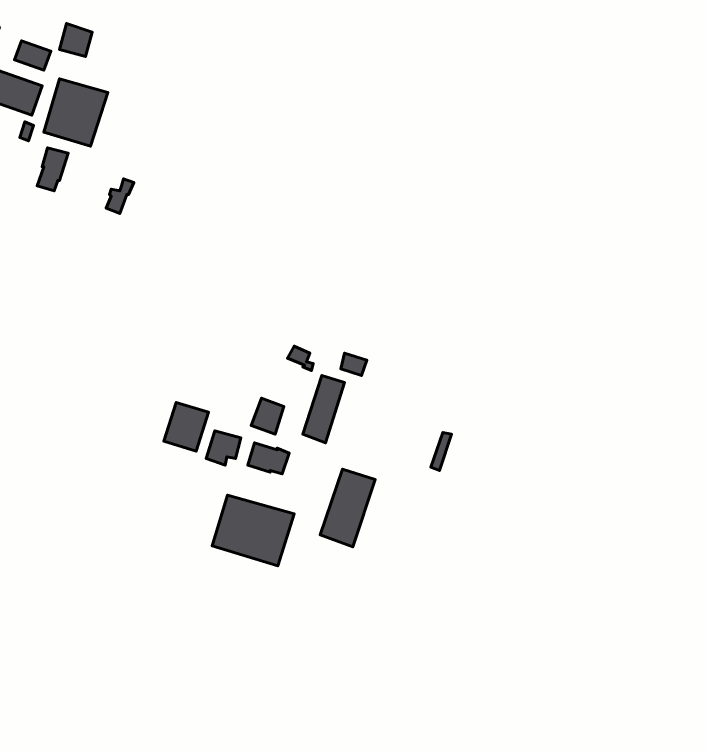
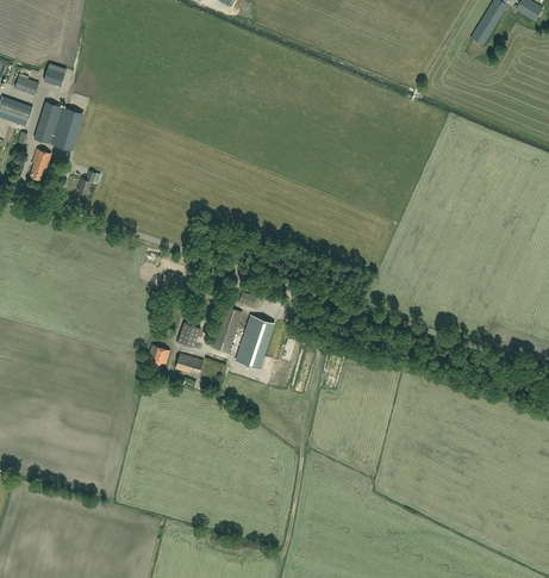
building: [164,402,208,451] -> none
building: [320,469,375,547] -> [231,313,269,367]
building: [212,495,294,566] -> none

